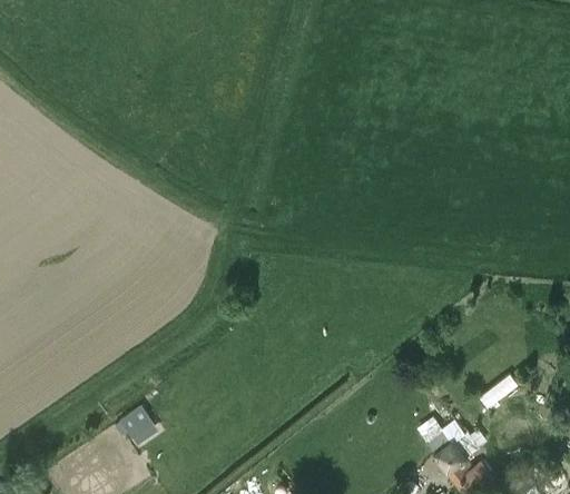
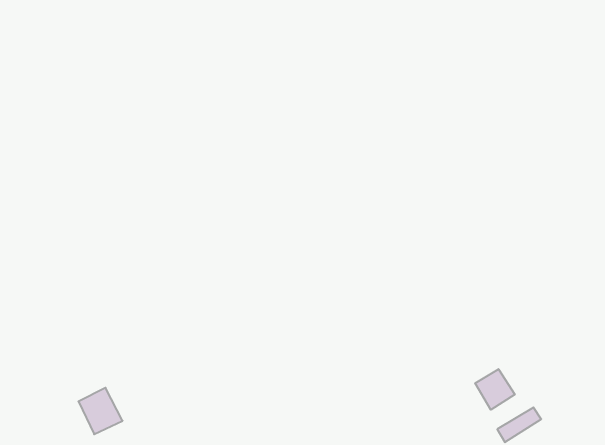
building: none -> [475,369,515,410]

